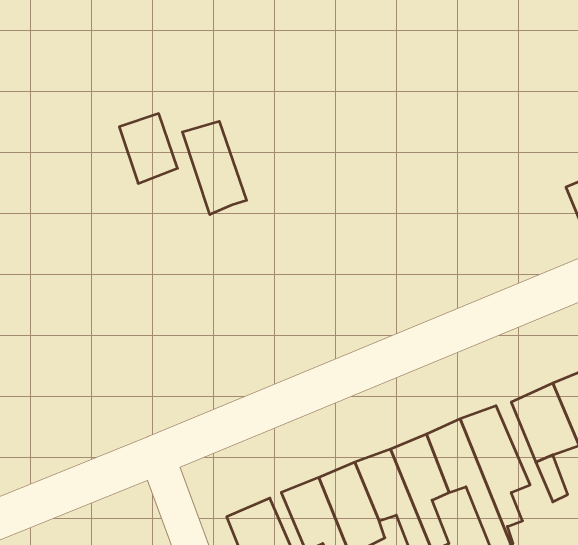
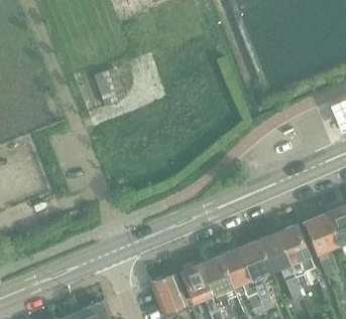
building: [182,121,247,215] -> none

